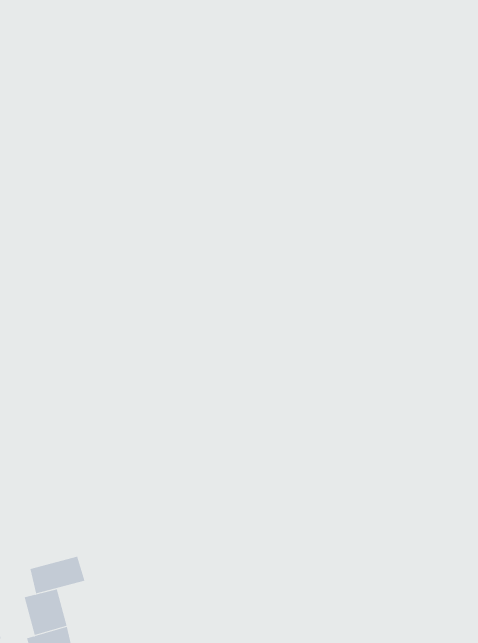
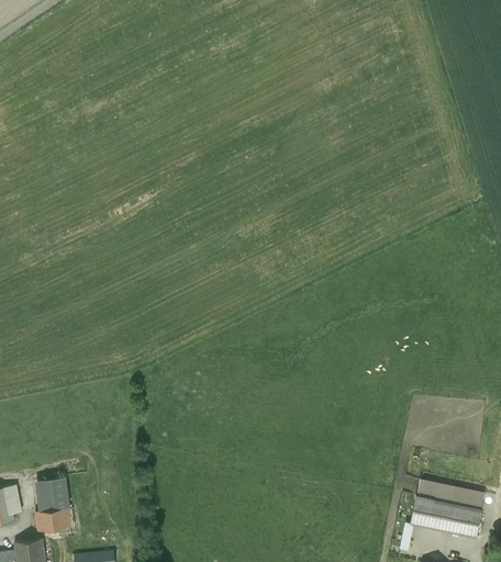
building: [30,556,85,594] -> none

